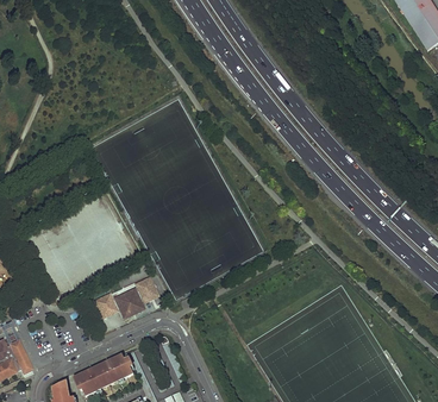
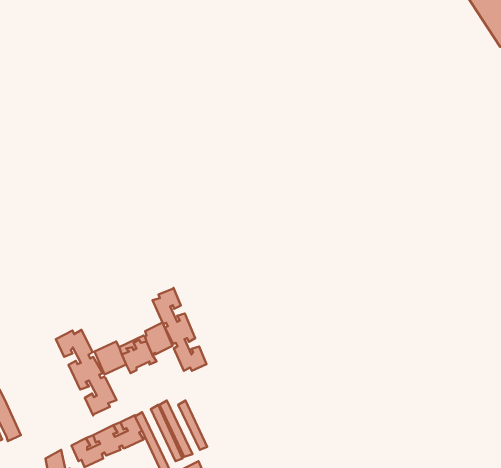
building: none -> [152,288,207,371]
building: none -> [56,330,117,415]

